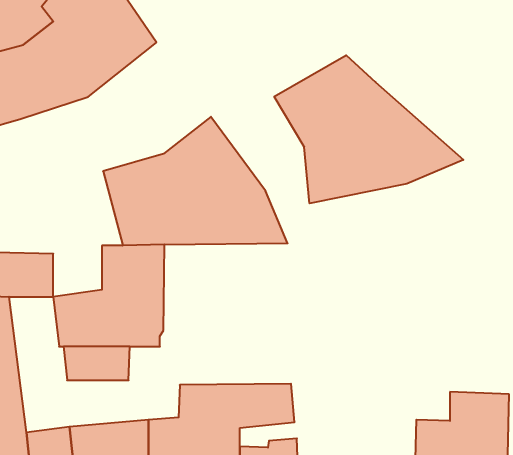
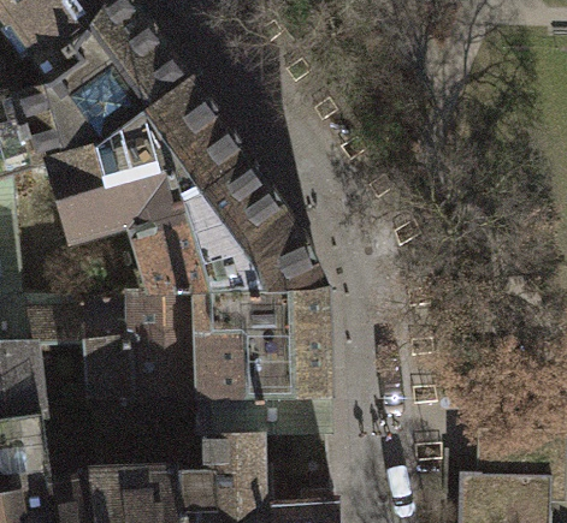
building: none -> [28,85,225,240]
building: [274,55,463,203] -> none
building: none -> [172,293,308,440]

